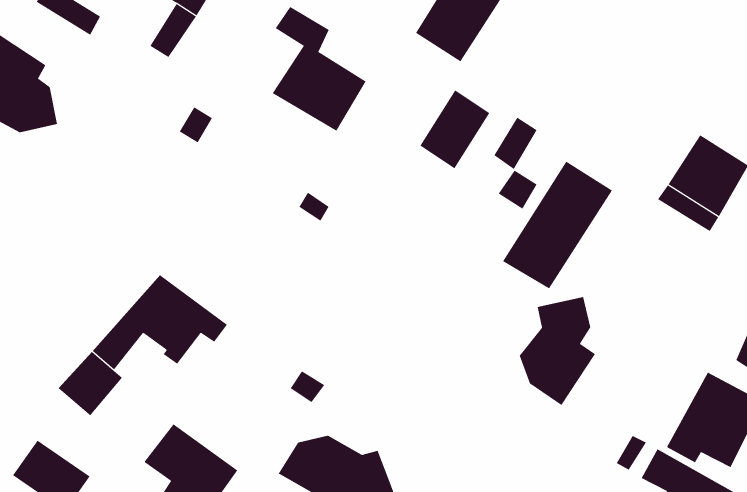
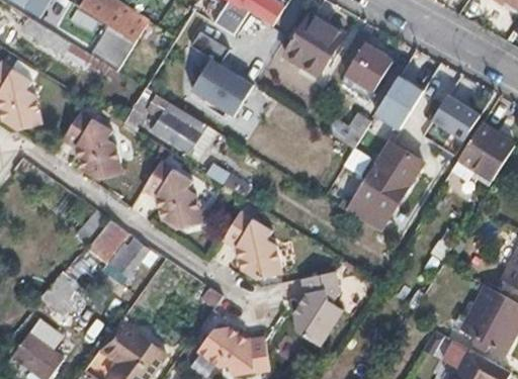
building: none -> [346,44,393,92]
building: [419,89,490,169] -> [376,74,425,128]
building: none -> [432,95,482,140]
building: none -> [154,99,205,152]
building: none -> [62,109,123,179]
building: none -> [144,158,203,227]
building: none -> [221,208,279,277]
building: [519,297,596,406] -> [289,270,342,345]

